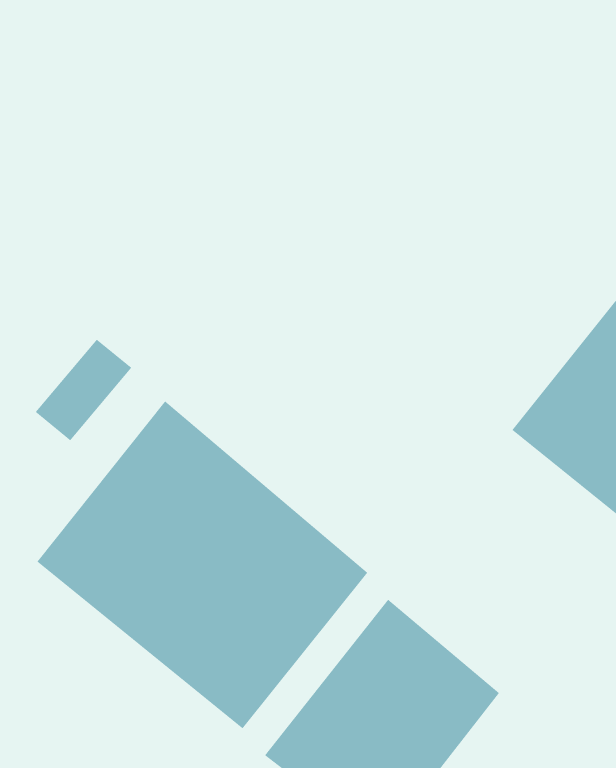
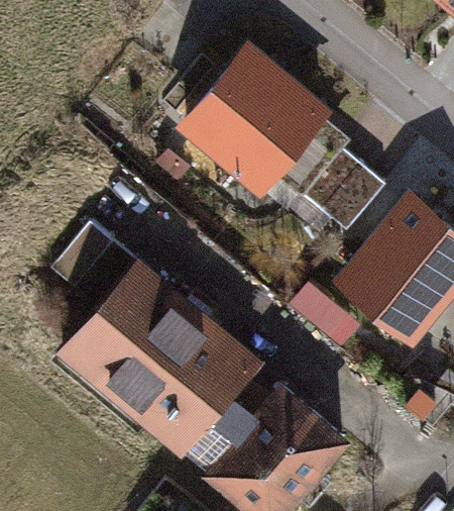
building: none -> [191,48,326,183]
building: none -> [303,144,390,232]

